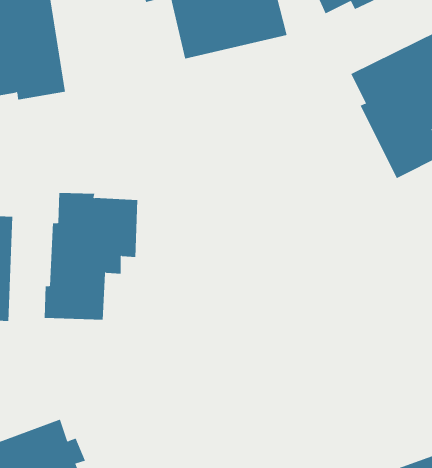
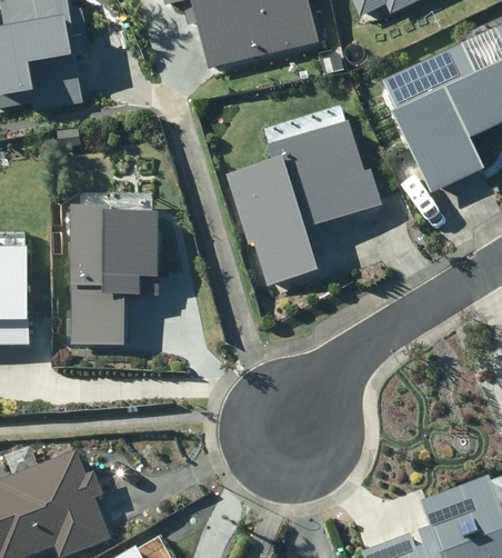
building: none -> [229,107,382,286]

